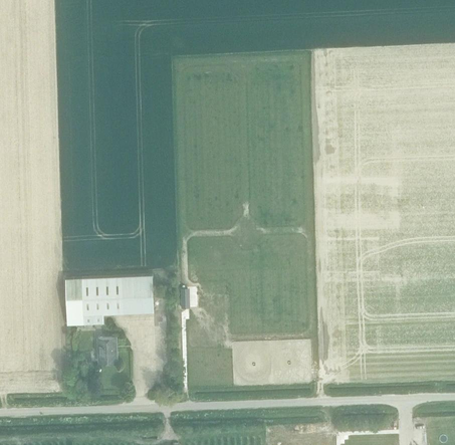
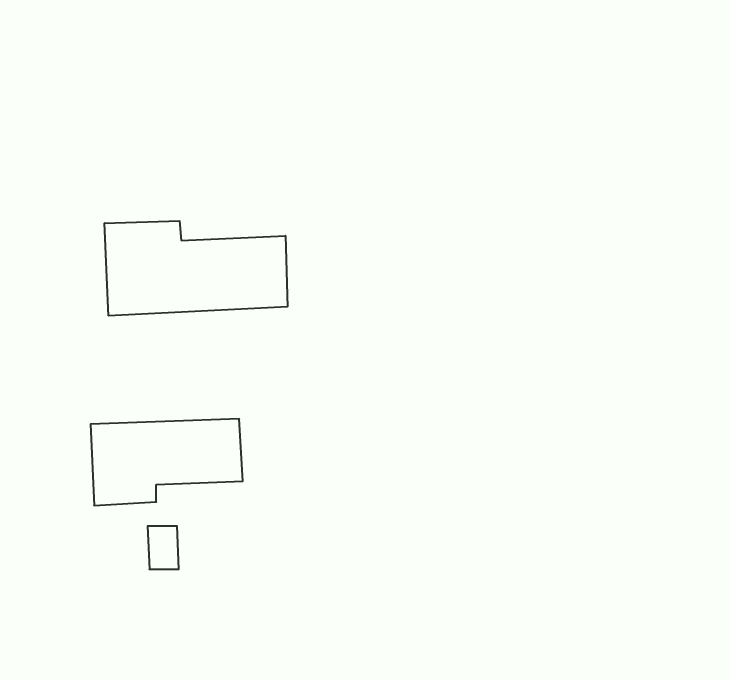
building: none -> [105,221,287,316]

